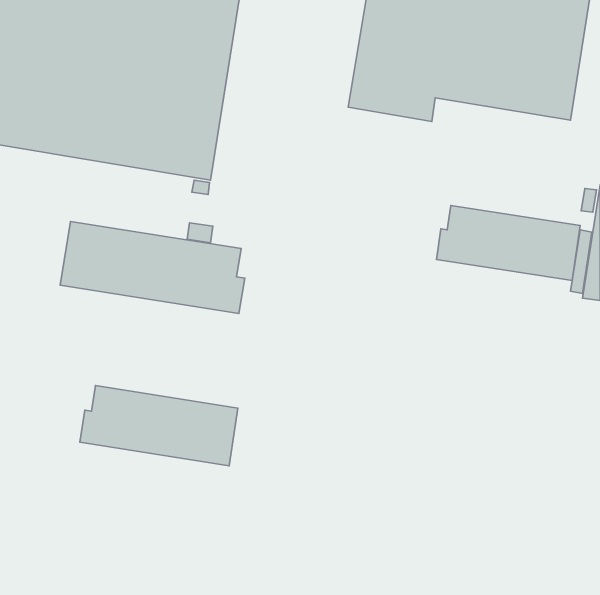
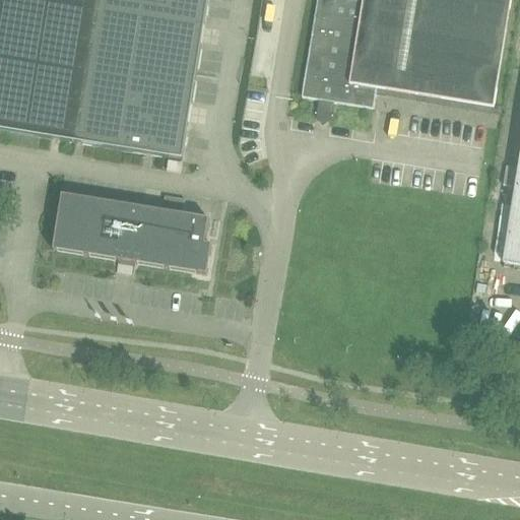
building: [436,205,580,281] -> none
building: [80,386,238,466] -> none

